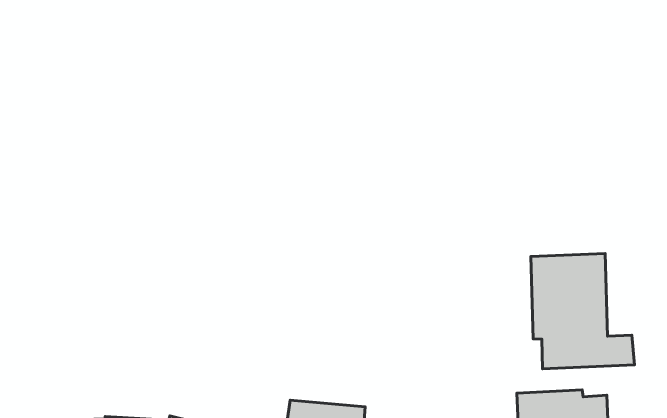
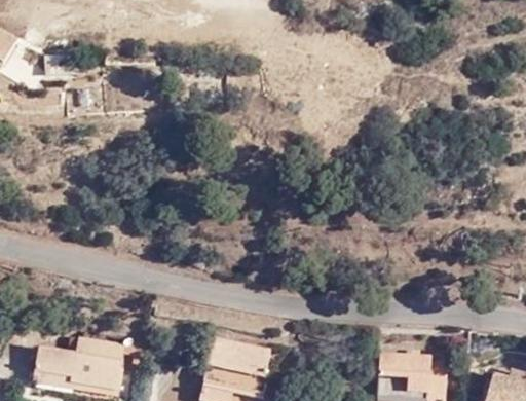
building: [531,254,634,369] -> none

